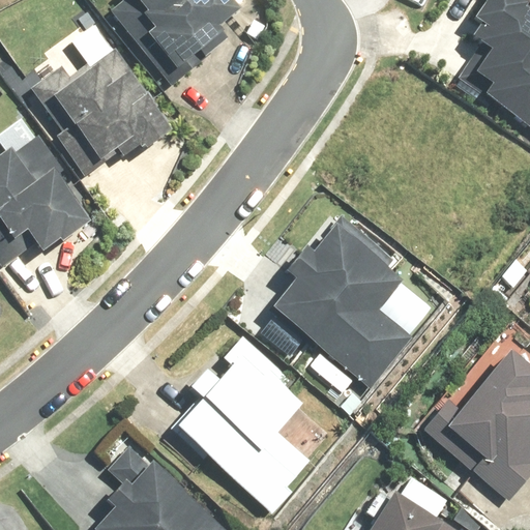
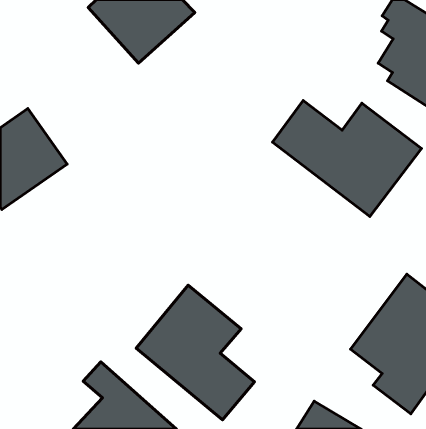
building: [38,39,182,168] -> none
building: none -> [272,101,422,216]
building: [267,226,413,392] -> none

